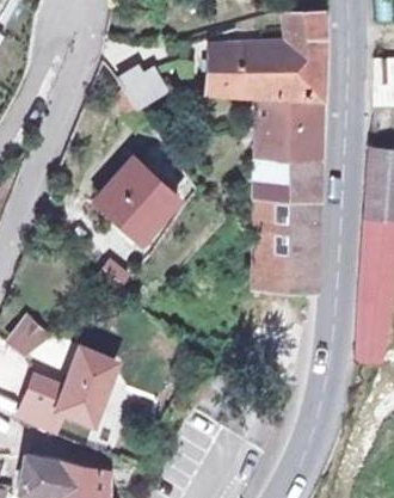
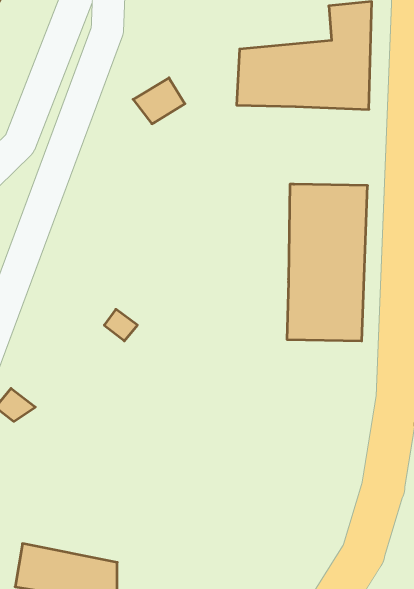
building: [254,92,316,158] -> none
building: [96,159,178,235] -> none
building: [23,346,119,430] -> none

